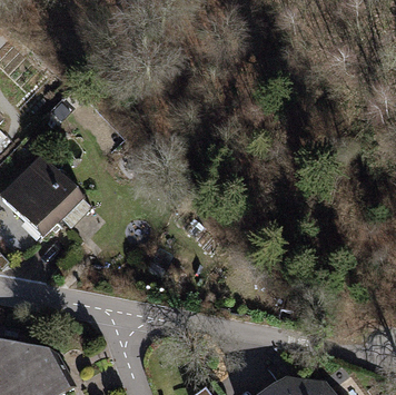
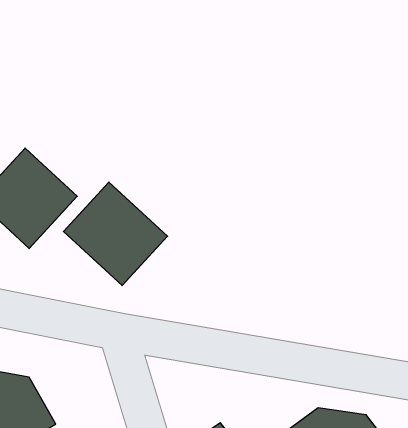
building: none -> [63,182,168,286]

